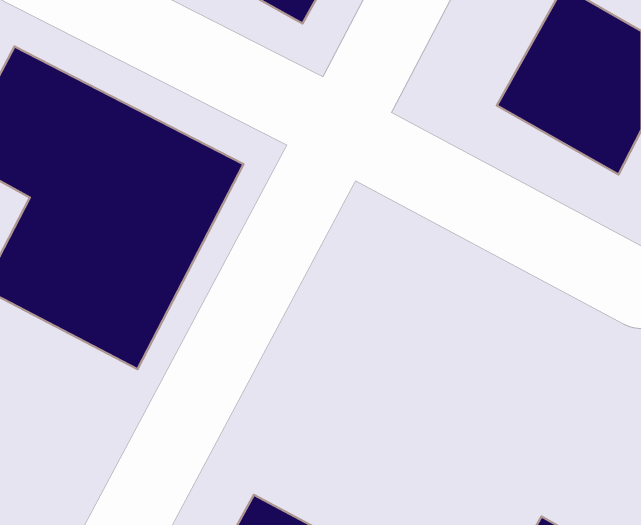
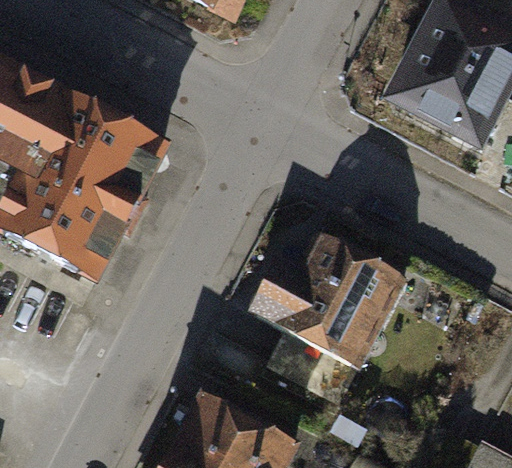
building: none -> [247,232,400,365]

